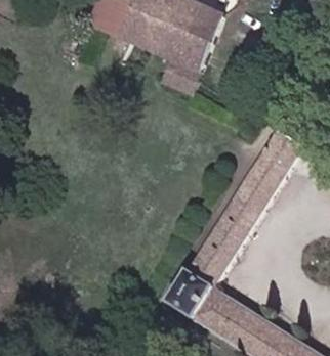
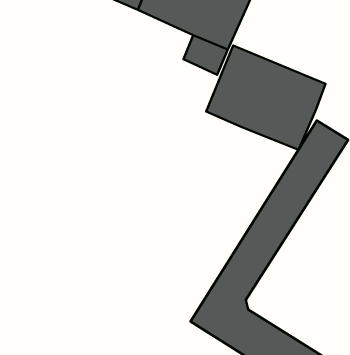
building: none -> [206,46,325,150]

